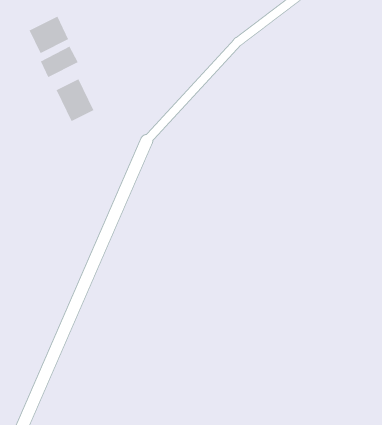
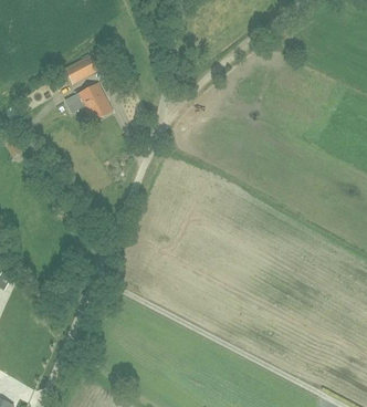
building: [29,16,69,54] -> none

